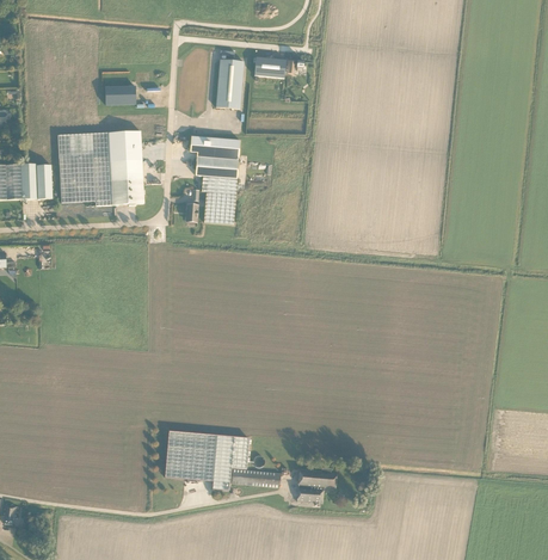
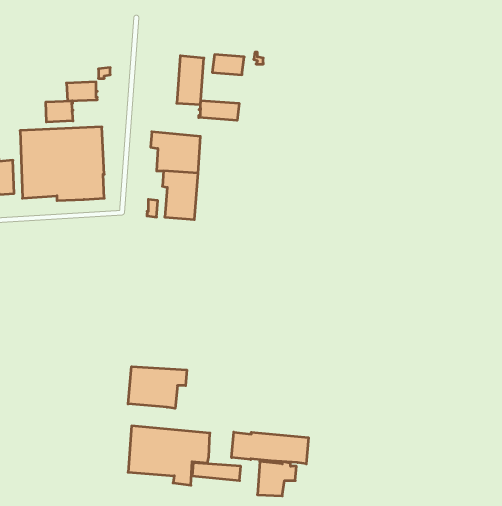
building: none -> [199,100,239,120]
building: none -> [46,101,73,122]
building: none -> [128,367,187,408]
building: none -> [232,432,308,464]

